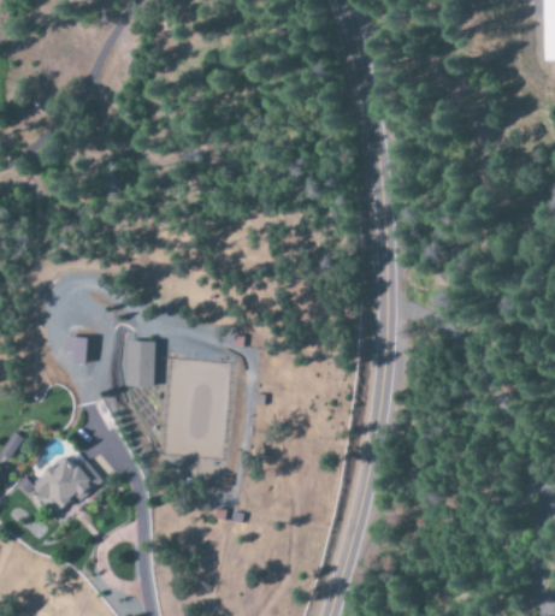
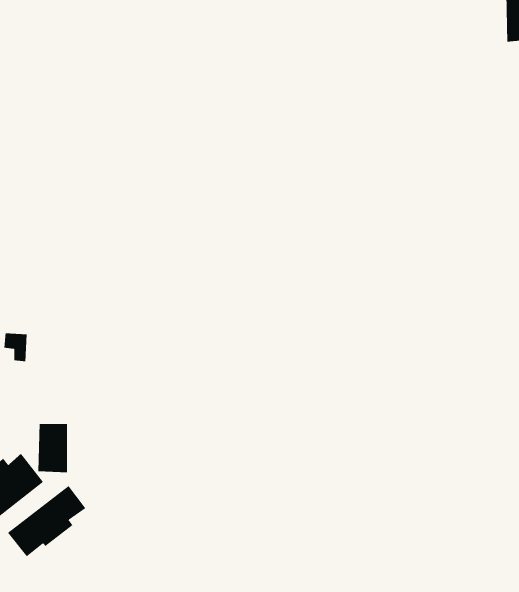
building: [124,339,153,386] -> [38,423,68,473]
building: none -> [7,485,86,557]

